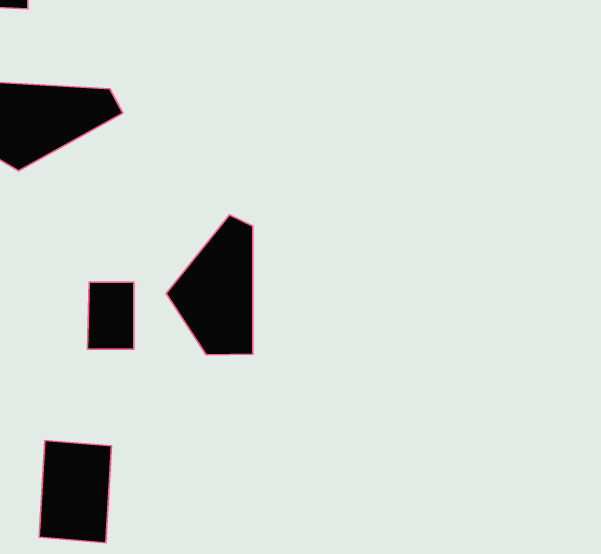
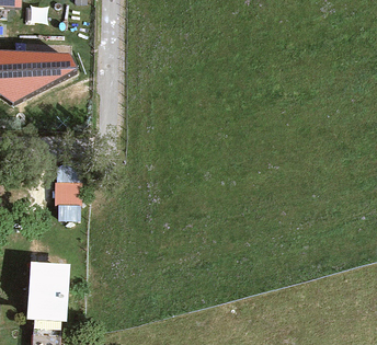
building: [166,215,253,355] -> none

